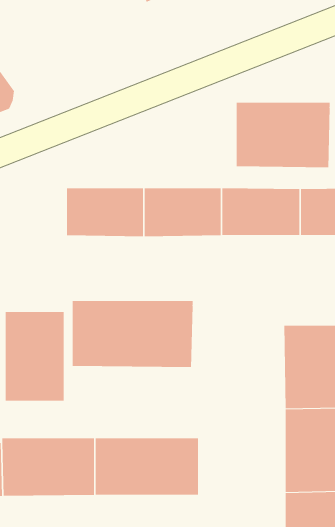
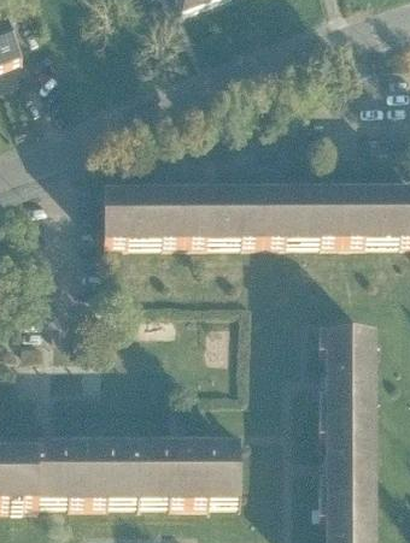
building: [236,102,330,168] -> none
building: [72,300,193,368] -> none
building: [5,311,64,401] -> none

